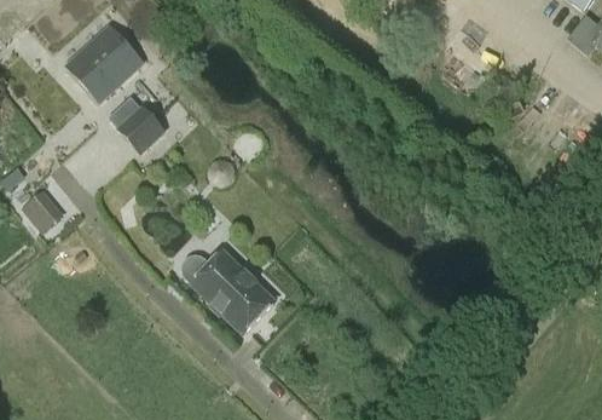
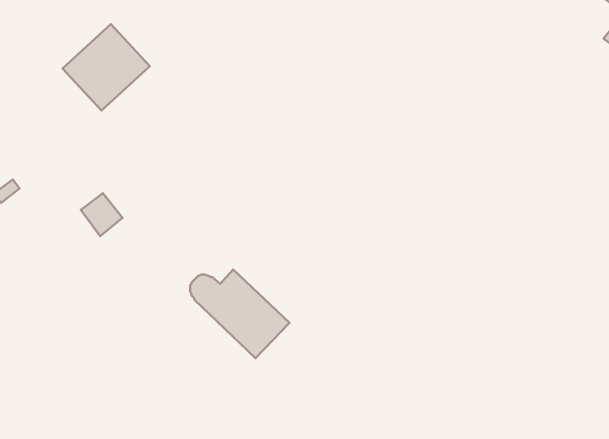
building: [117,104,164,153] -> none
building: [23,191,62,231] -> [81,193,122,236]

